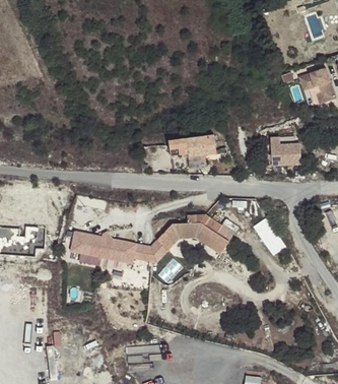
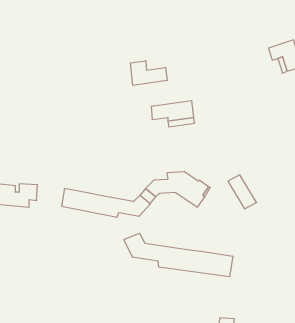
building: none -> [130,61,167,85]
building: [270,133,300,162] -> none
building: none -> [124,233,233,277]

